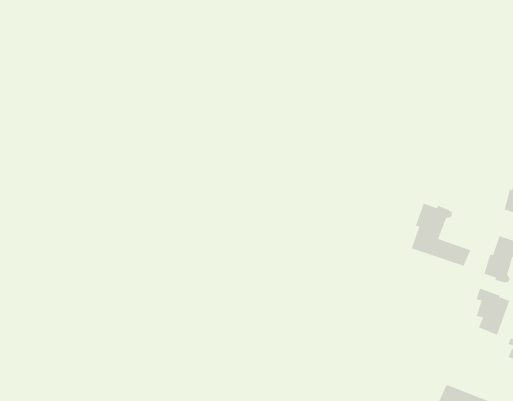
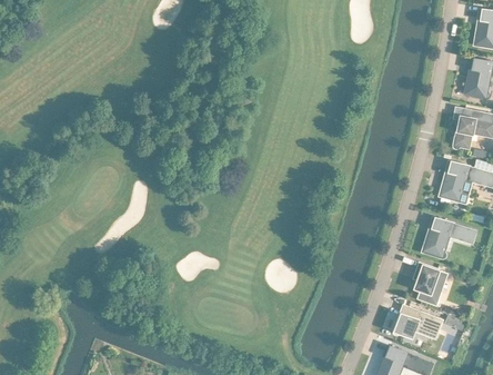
building: [411,203,471,266] -> none
building: none -> [392,306,441,337]

